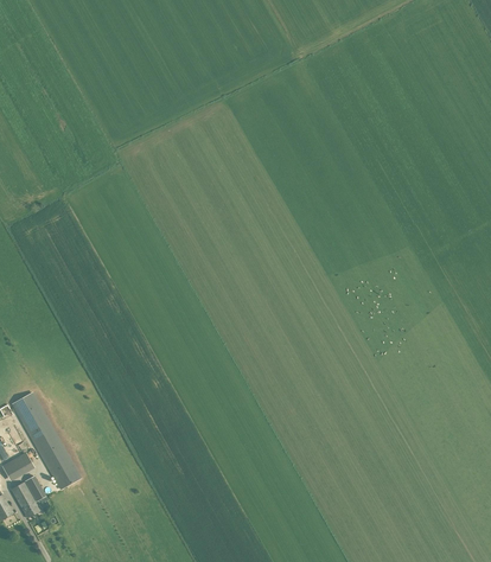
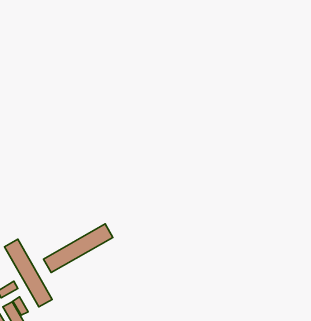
building: none -> [43,224,113,273]

